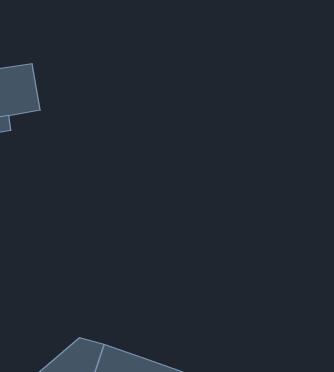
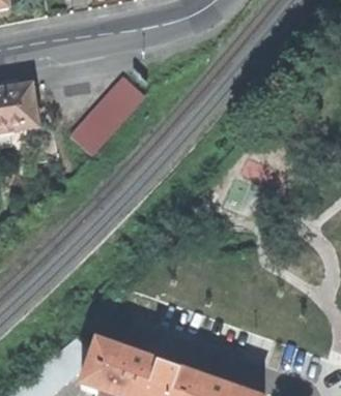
building: none -> [72,73,146,151]

